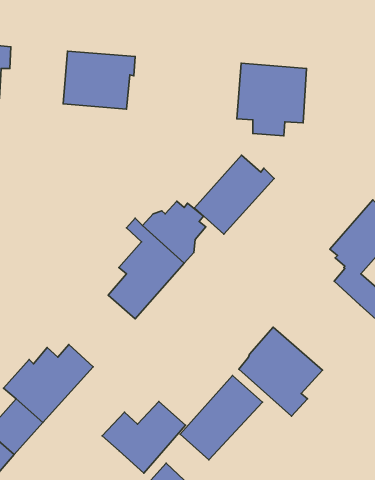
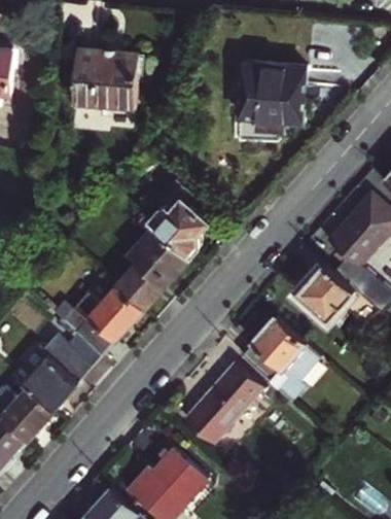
building: [194,155,274,234] -> none
building: none -> [296,264,357,324]
building: [102,402,186,473] -> [61,286,141,355]

